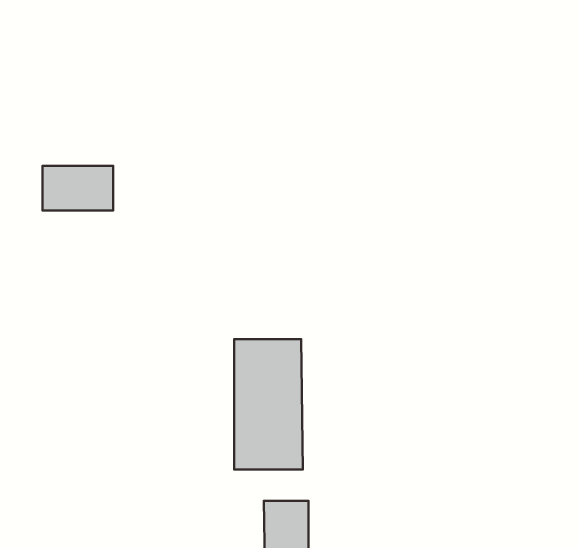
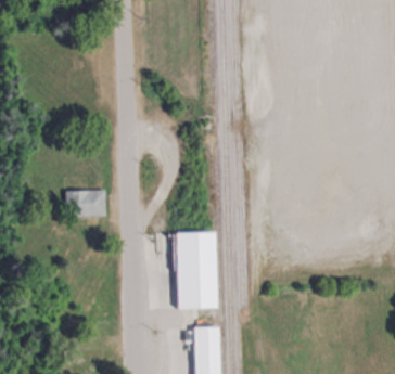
building: [43,166,113,210] -> [65,190,106,216]

